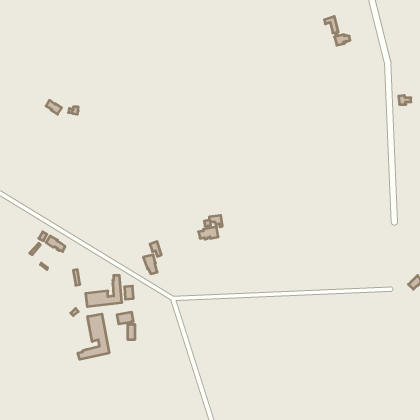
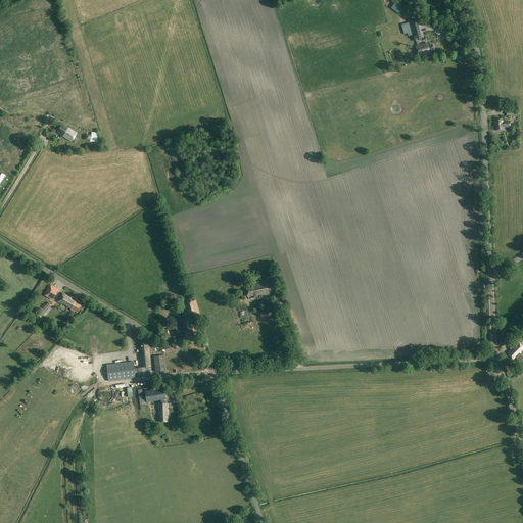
building: [78,314,109,359] -> none

